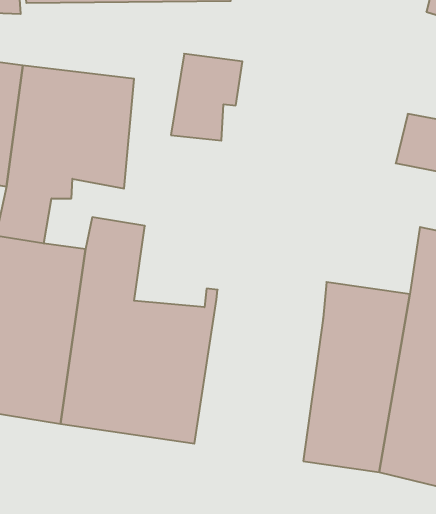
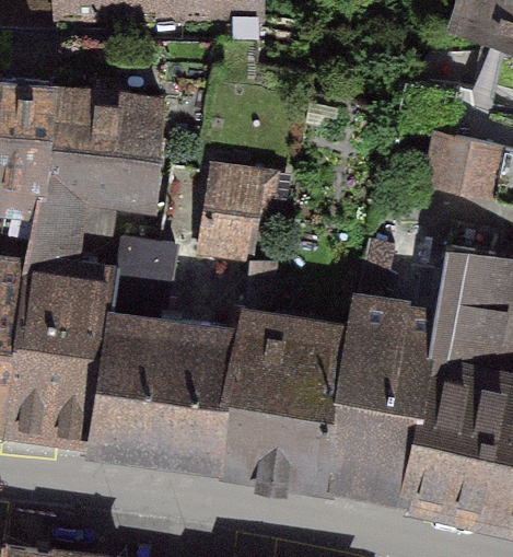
building: [171,54,242,141] -> [201,170,272,256]
building: none -> [224,318,352,479]

